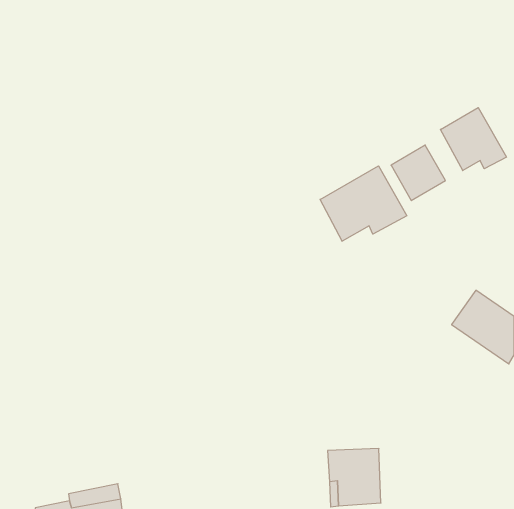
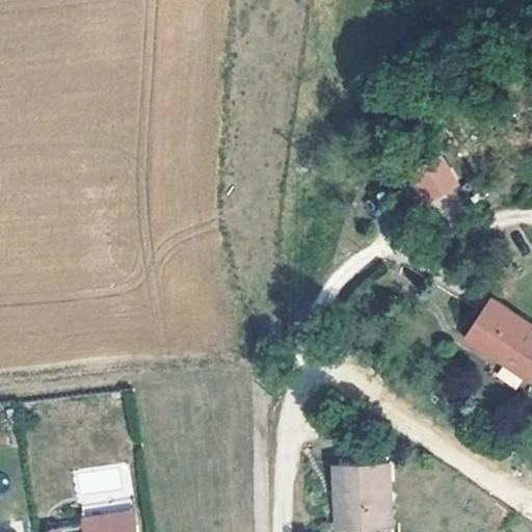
building: [440,108,506,171] -> none
building: [320,166,407,241] -> none

